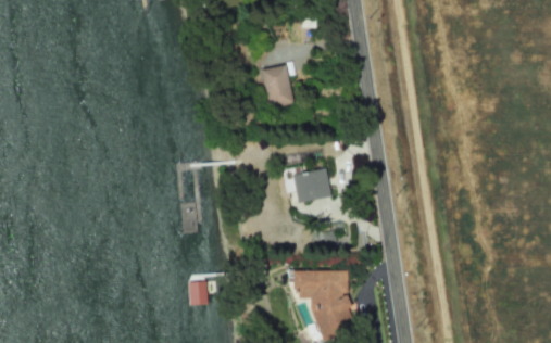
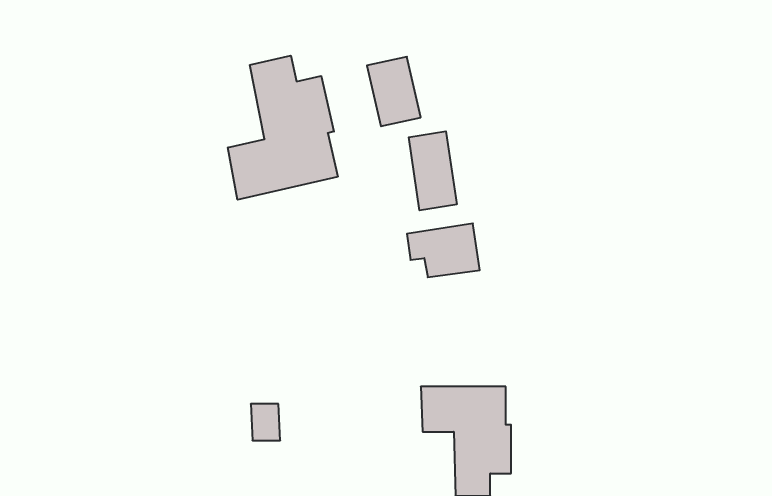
building: none -> [228,56,338,200]
building: none -> [409,131,457,210]

